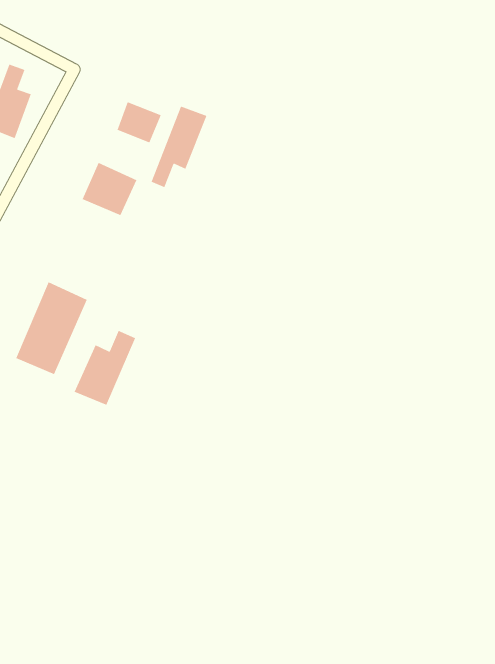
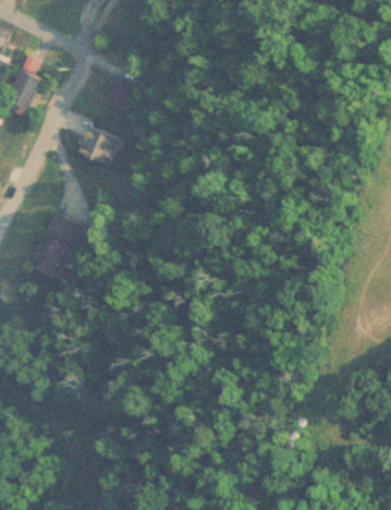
building: [150,106,208,188] -> none
building: [74,330,136,406] -> none

